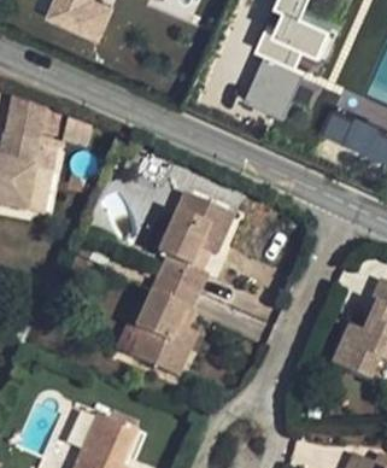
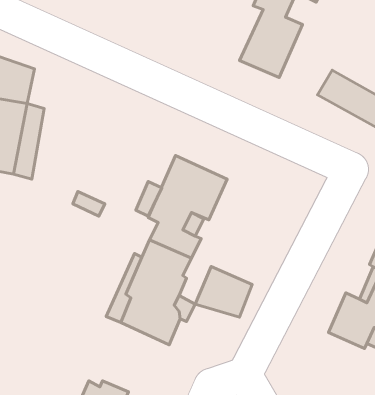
building: none -> [195,267,252,317]

